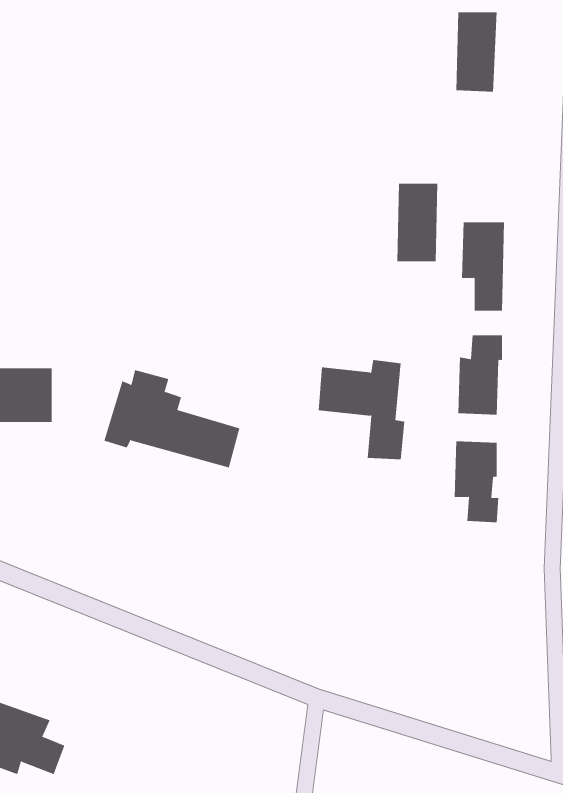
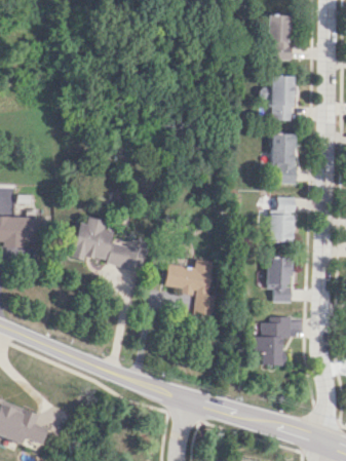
building: [396,183,438,262] -> [270,76,294,120]
building: [318,359,405,460] -> [164,260,214,316]
building: none -> [255,316,293,366]

